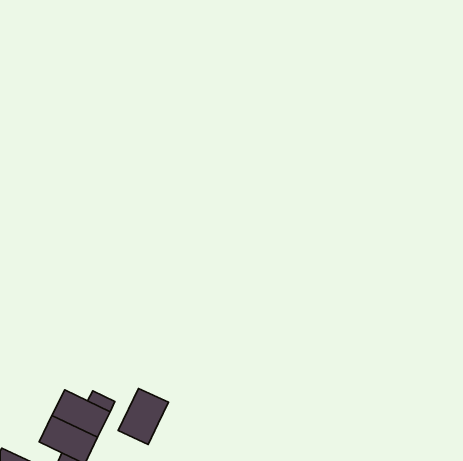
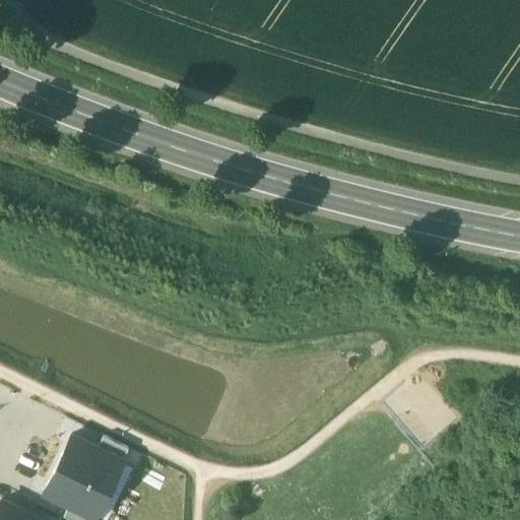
building: [118,388,168,445] -> none

